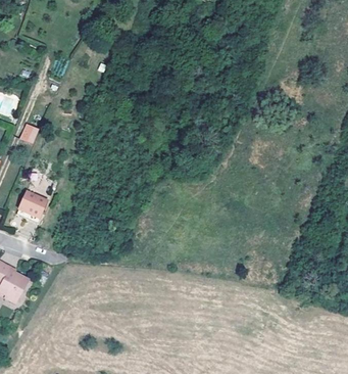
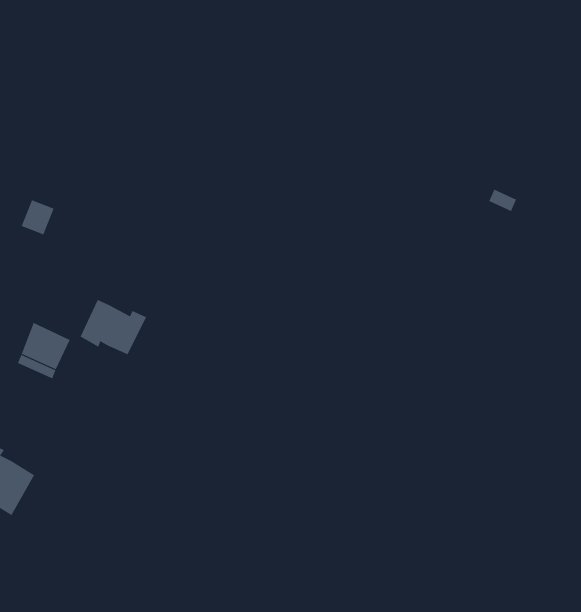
building: none -> [80,299,147,355]

